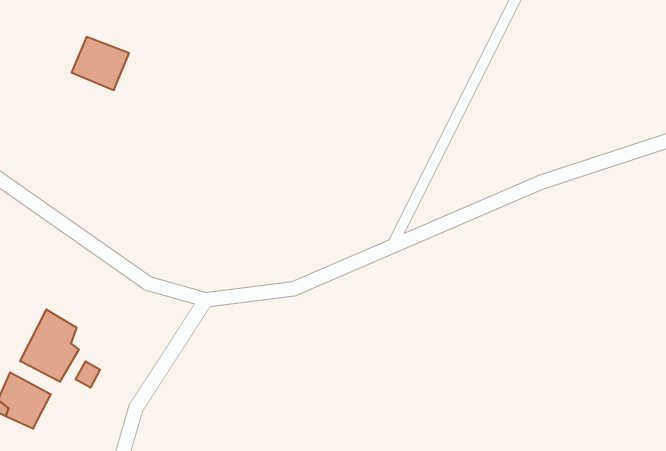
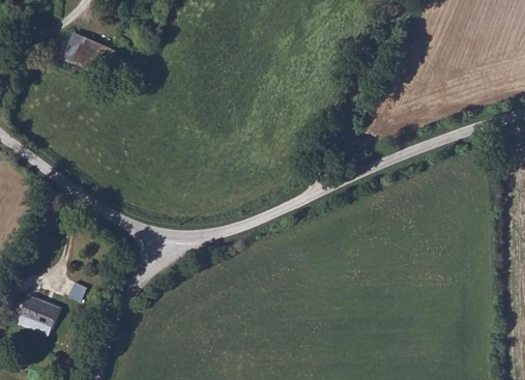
building: [20,309,79,382] -> none

